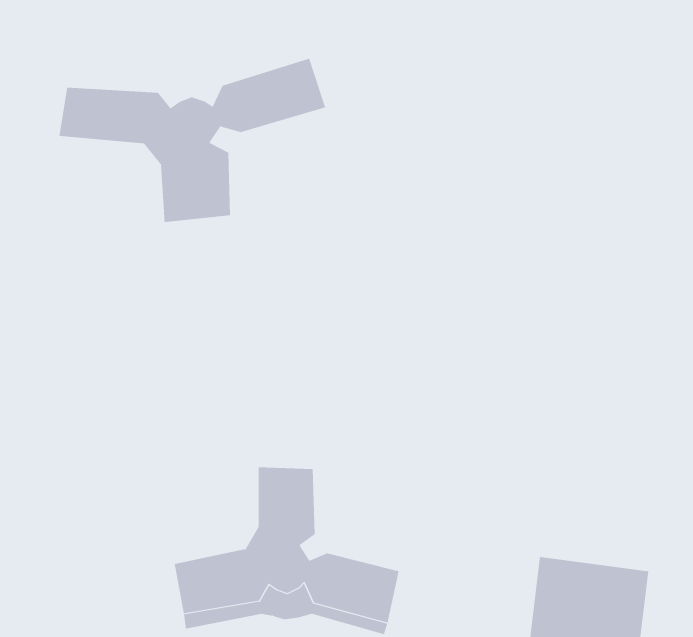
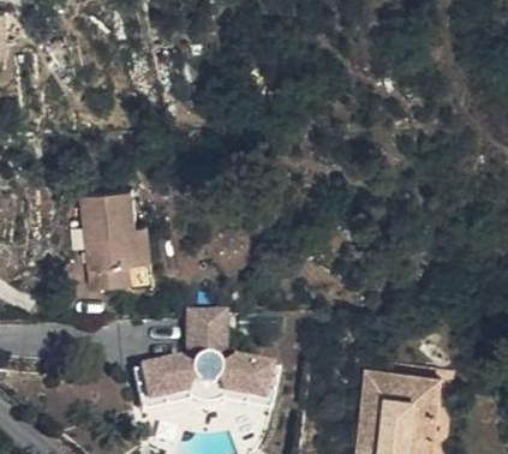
building: [59,58,326,223] -> none
building: none -> [79,189,145,286]

